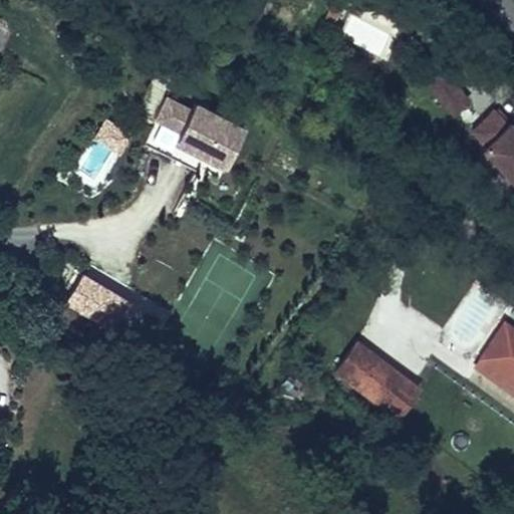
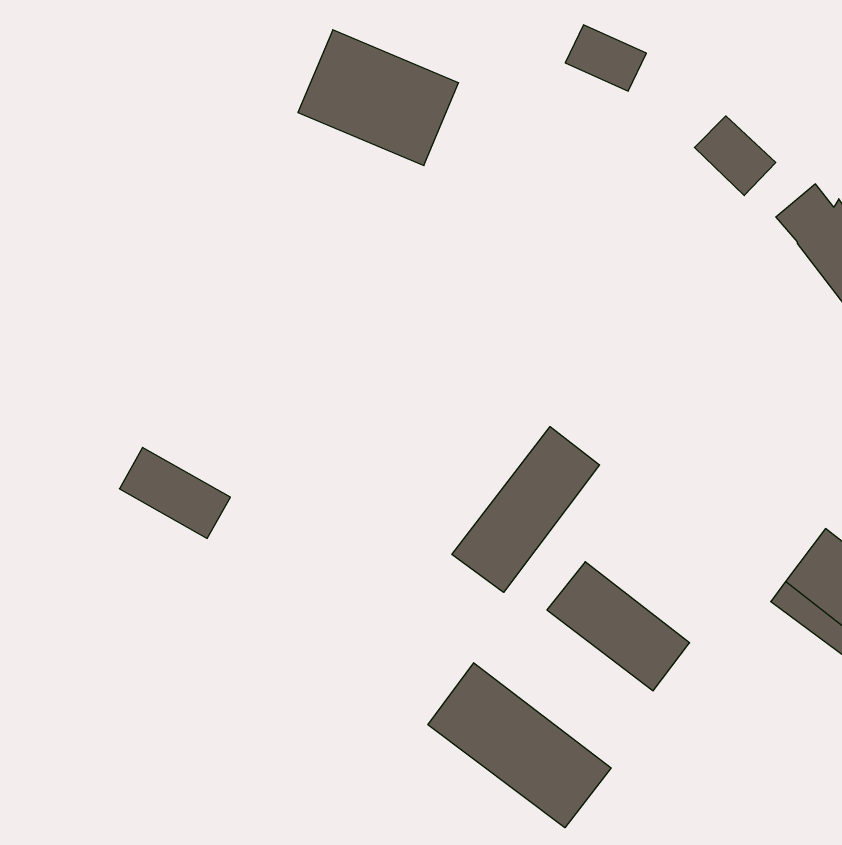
building: [147,94,244,177] -> [298,30,459,166]
building: none -> [452,427,600,592]
building: none -> [428,663,611,828]

